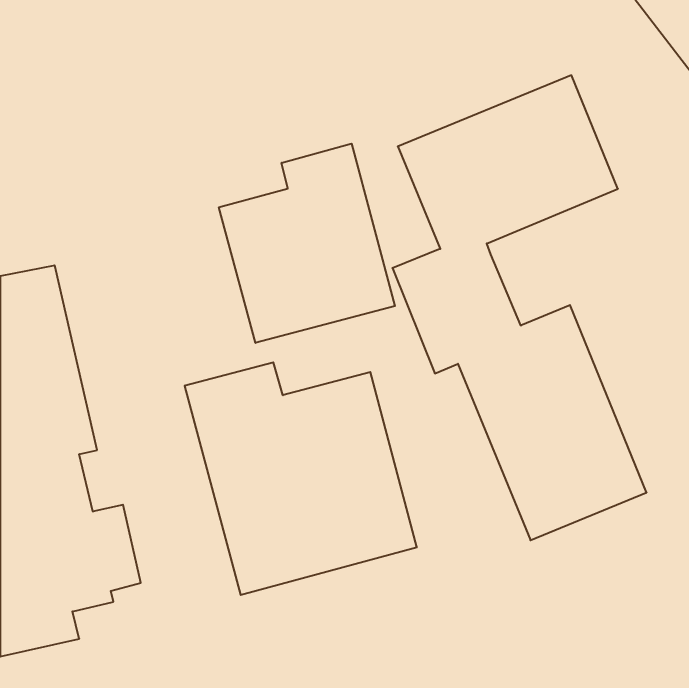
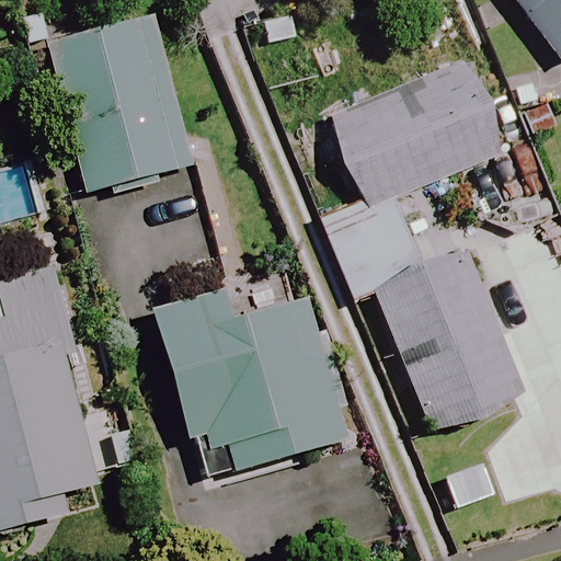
building: none -> [46,16,193,191]
building: [219,144,395,343] -> none

